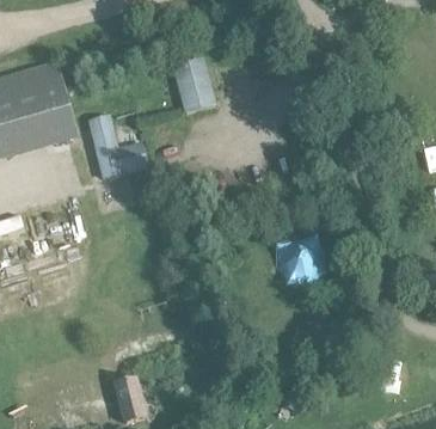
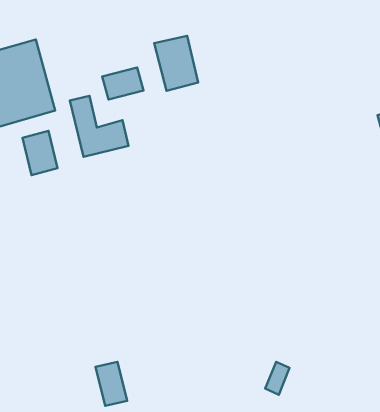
building: none -> [102,67,144,100]
building: none -> [22,131,57,175]

